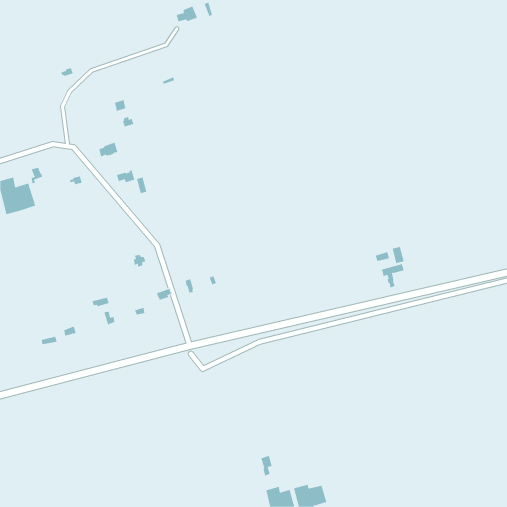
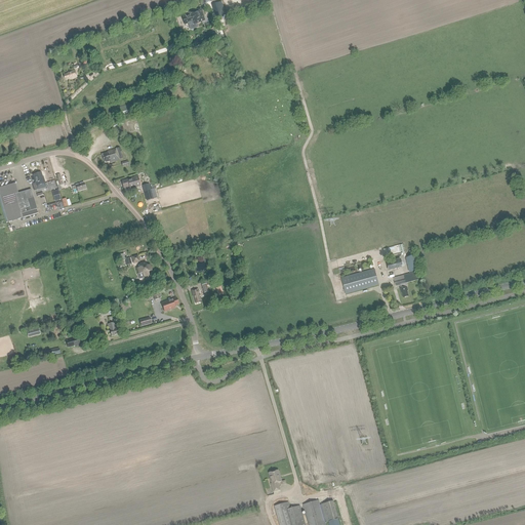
building: none -> [340,269,377,293]

